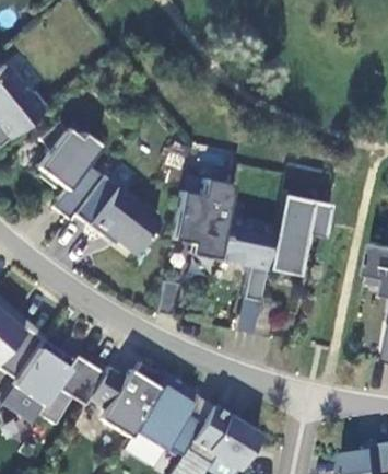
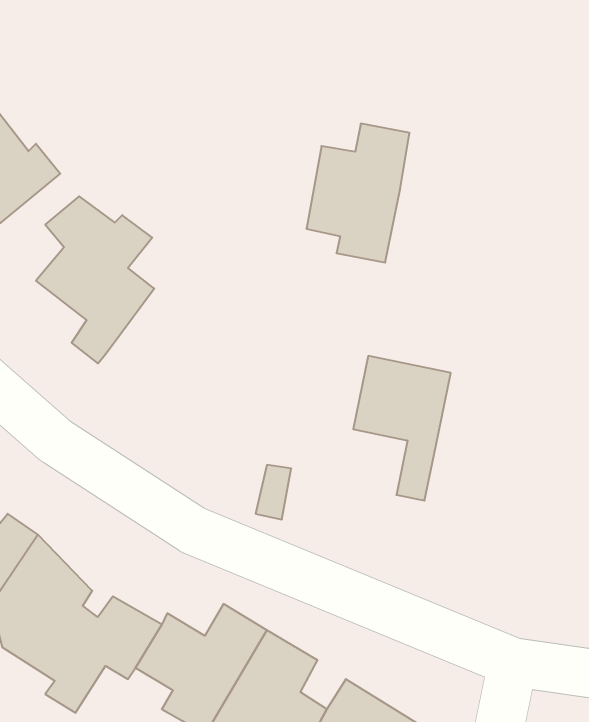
building: [72,176,156,255] -> none
building: [171,178,231,259] -> [306,124,410,263]
building: [264,195,328,276] -> none

